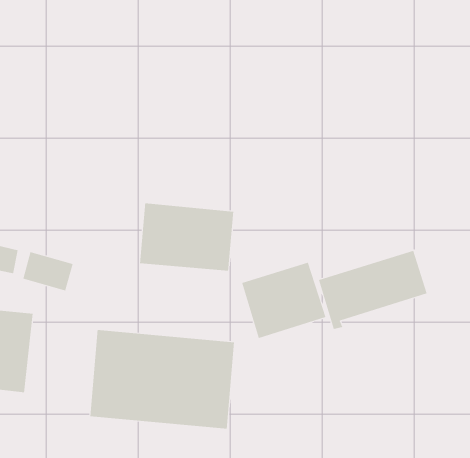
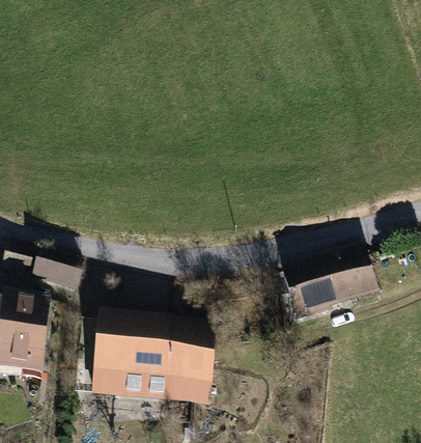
building: [139,202,234,271] -> none
building: [242,262,326,339] -> none

